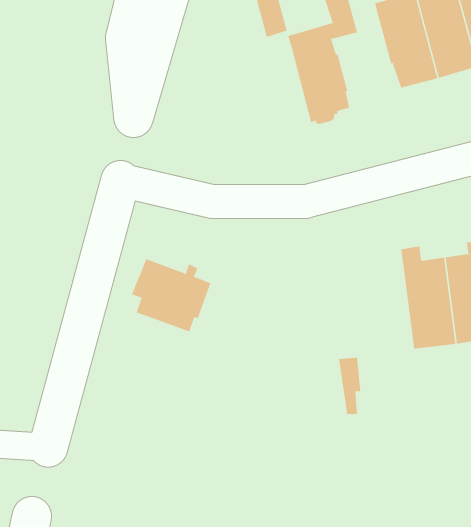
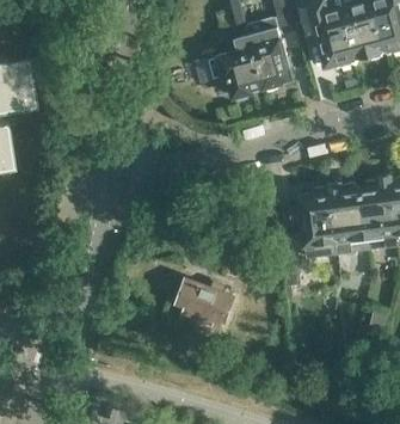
building: none -> [196,36,264,100]
building: [131,259,211,332] -> [178,281,236,334]
building: none -> [300,192,339,260]

